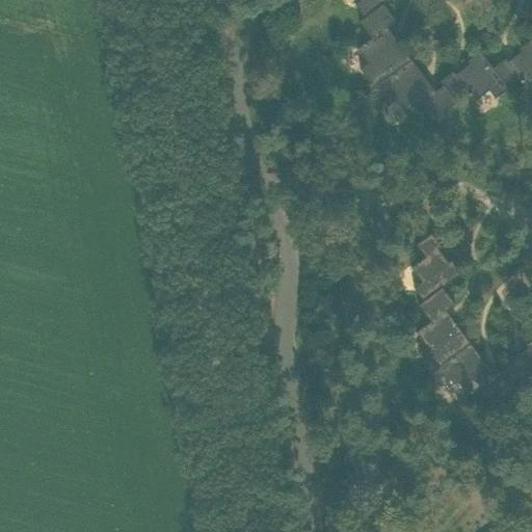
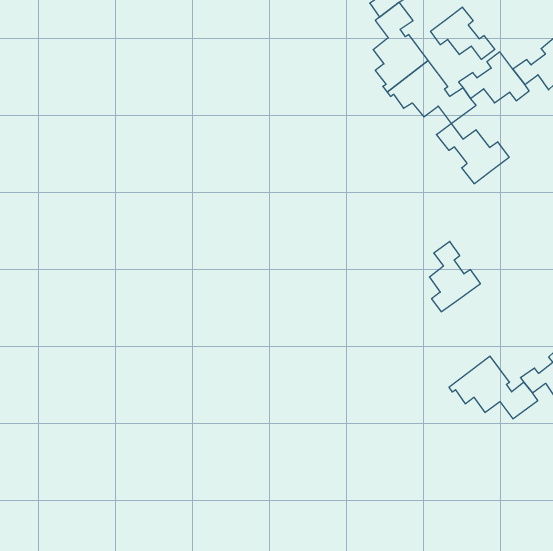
building: none -> [431,7,495,59]
building: none -> [436,123,509,184]
building: [418,286,471,372] -> none

